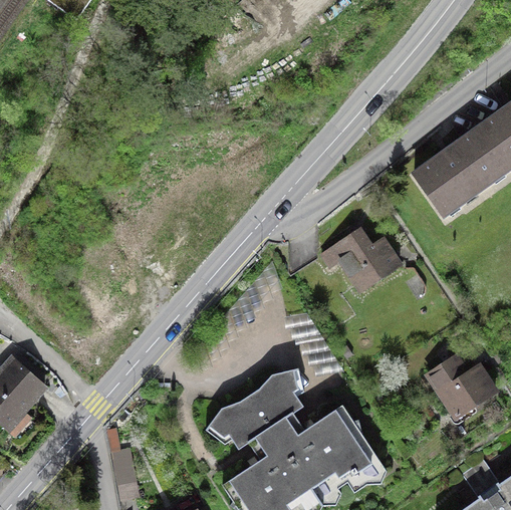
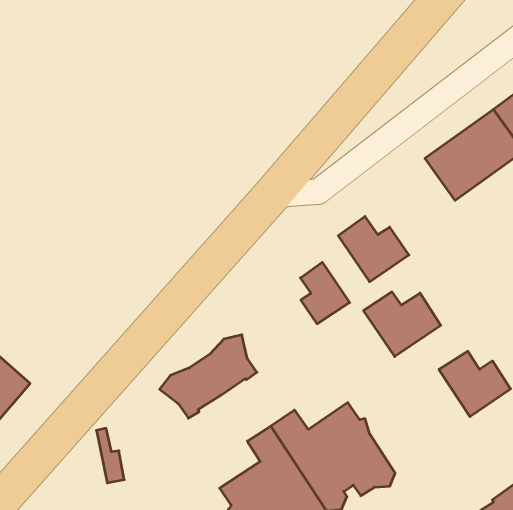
building: none -> [300,262,350,324]
building: none -> [364,292,441,357]
building: [212,370,303,449] -> [160,335,257,418]

